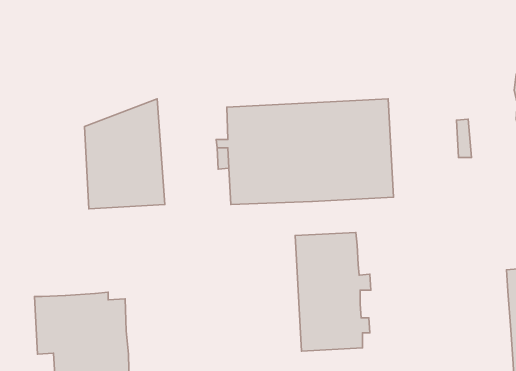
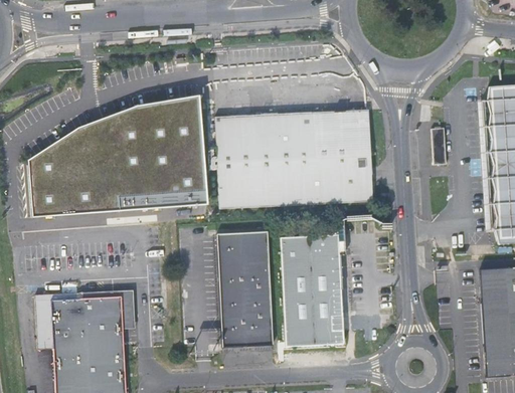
building: none -> [151,101,207,207]
building: none -> [32,134,87,214]
building: none -> [218,229,274,346]
building: none -> [105,288,136,326]

